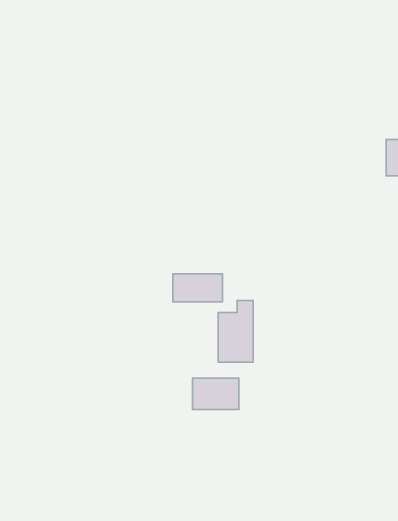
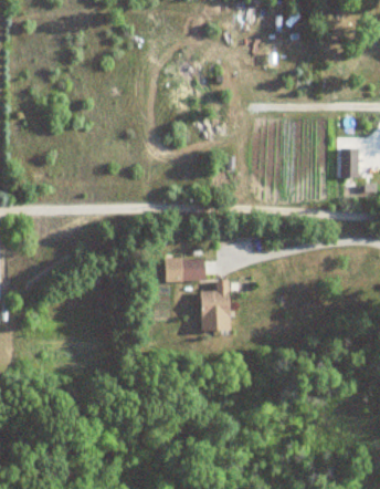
building: [192,378,239,409] -> none

